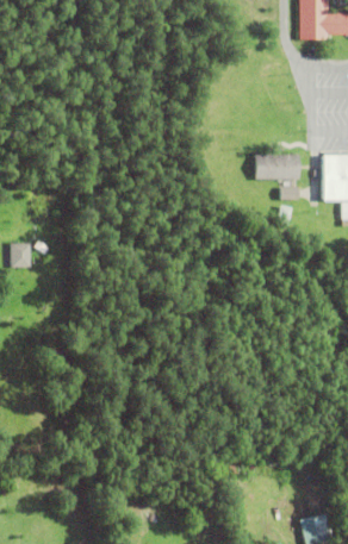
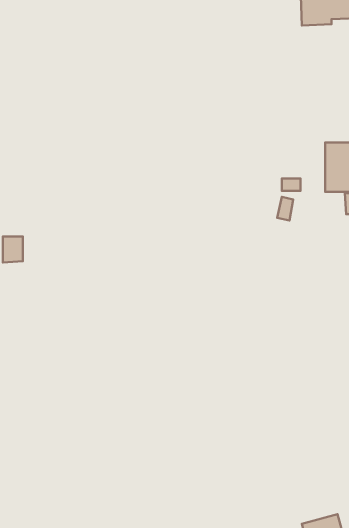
building: [254,154,298,179] -> none

